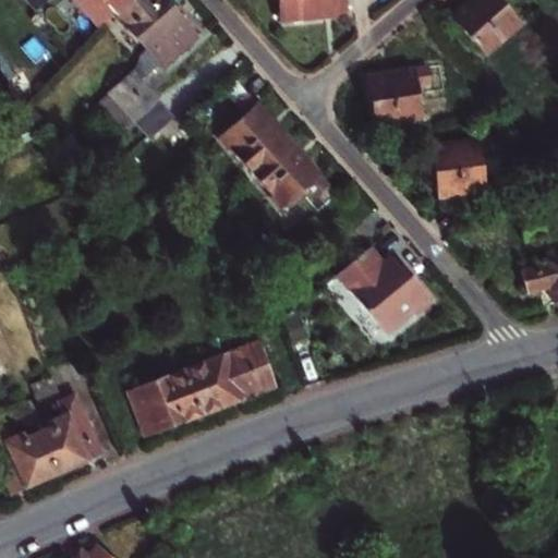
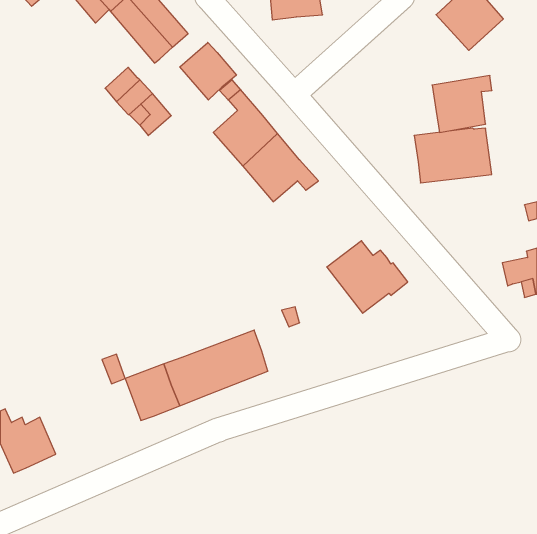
building: none -> [180,42,236,100]
building: [369,65,432,124] -> [432,76,492,132]
building: [41,391,102,471] -> none

